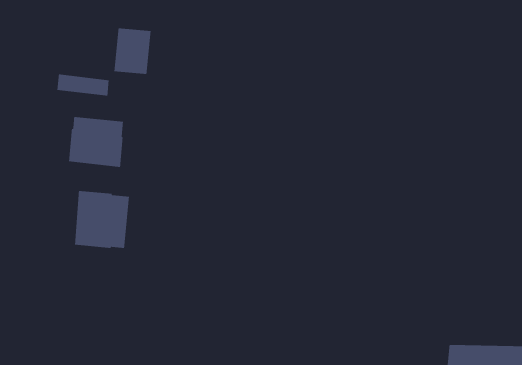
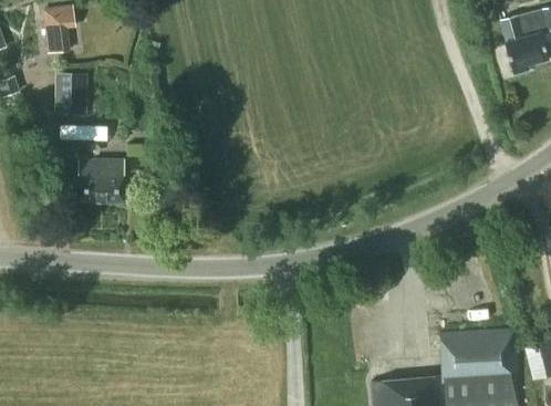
building: [114,27,151,75] -> [55,73,86,114]
building: [74,190,130,249] -> none

